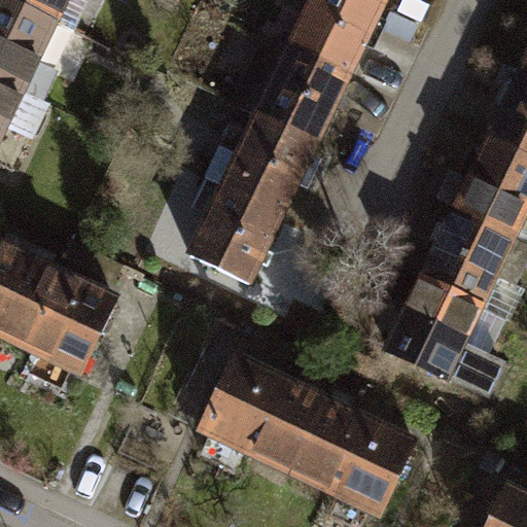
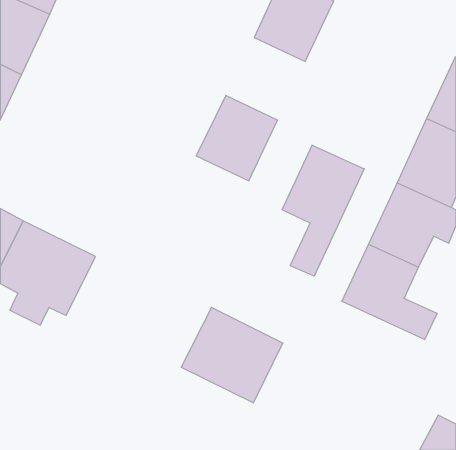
building: [240,34,352,139] -> none
building: none -> [282,145,364,276]
building: [194,180,287,279] -> none
building: [292,396,409,506] -> none

